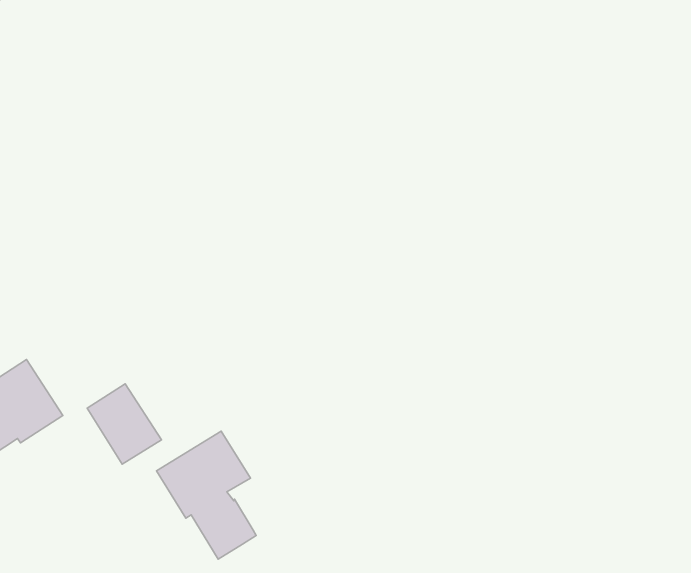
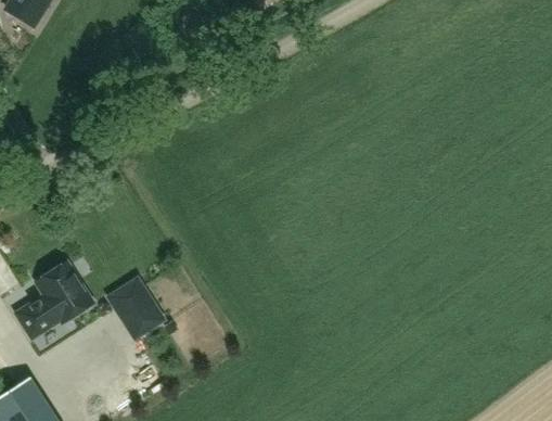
building: [156,431,256,559] -> none

